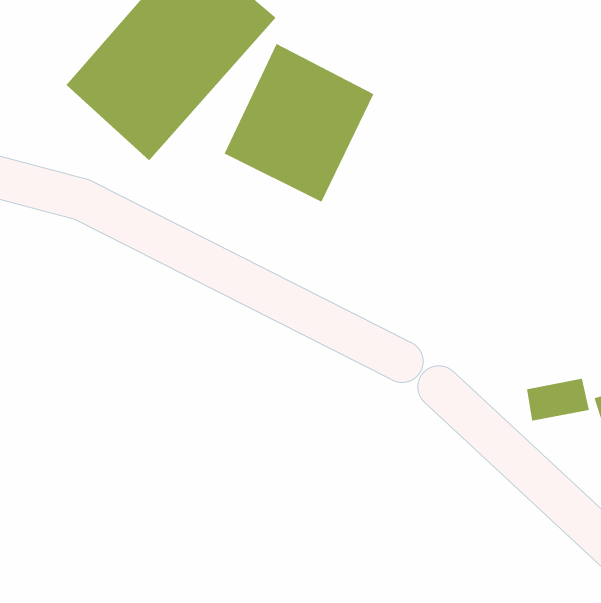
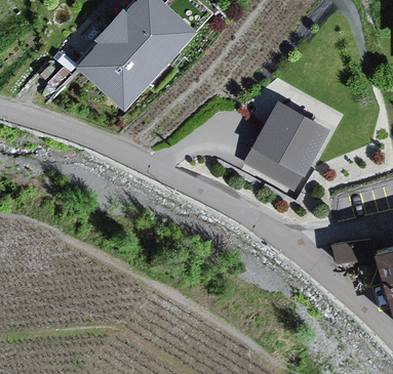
building: [223,43,375,203] -> [241,102,326,193]

